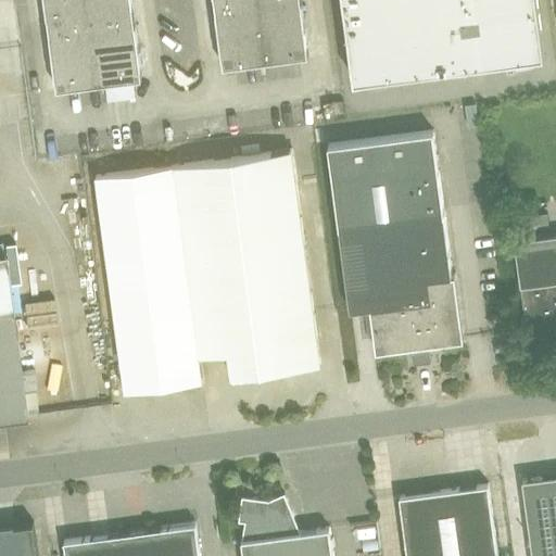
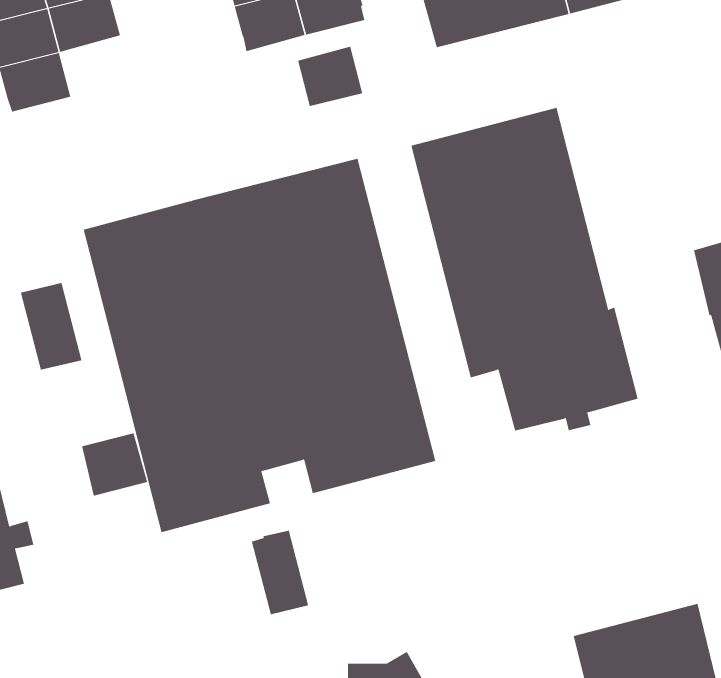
building: [93,50,140,88] -> none
building: none -> [298,46,363,107]
building: none -> [20,282,82,371]
building: none -> [81,433,148,496]
building: none -> [251,530,309,615]

